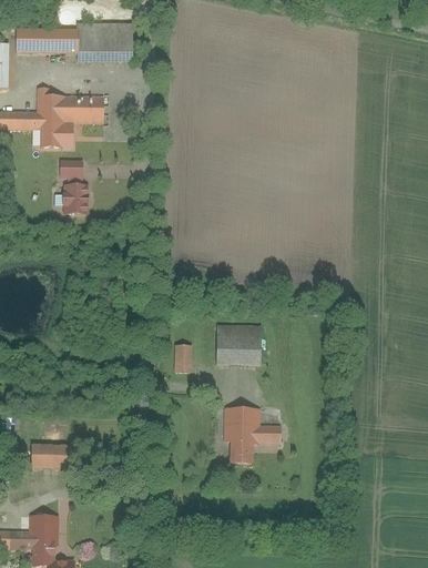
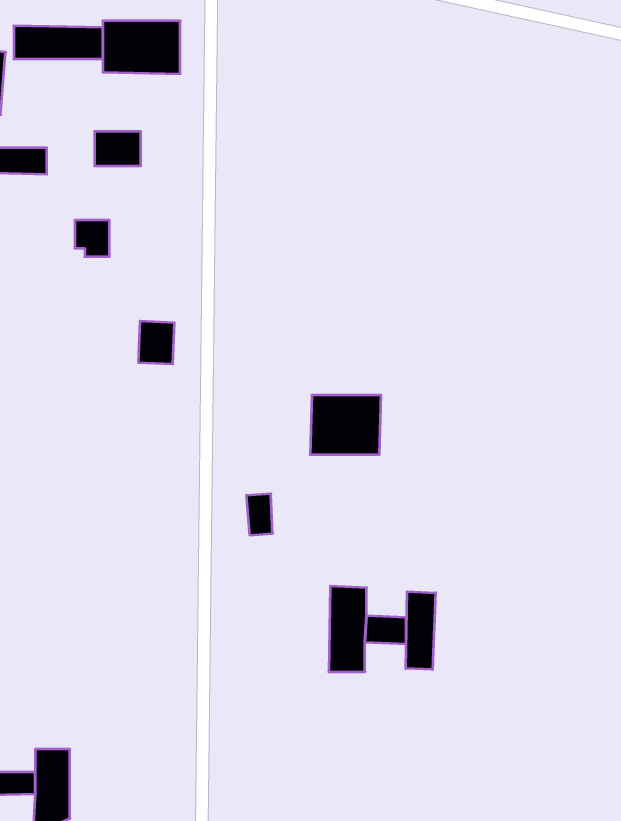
building: [40,94,73,148] -> none
building: [64,185,89,214] -> [138,321,174,364]
building: [216,325,264,365] -> [310,395,381,455]
building: none -> [406,592,436,670]
building: [30,443,64,468] -> none

